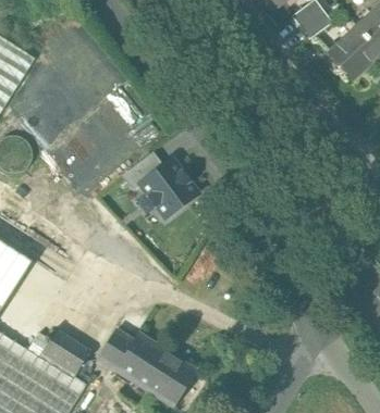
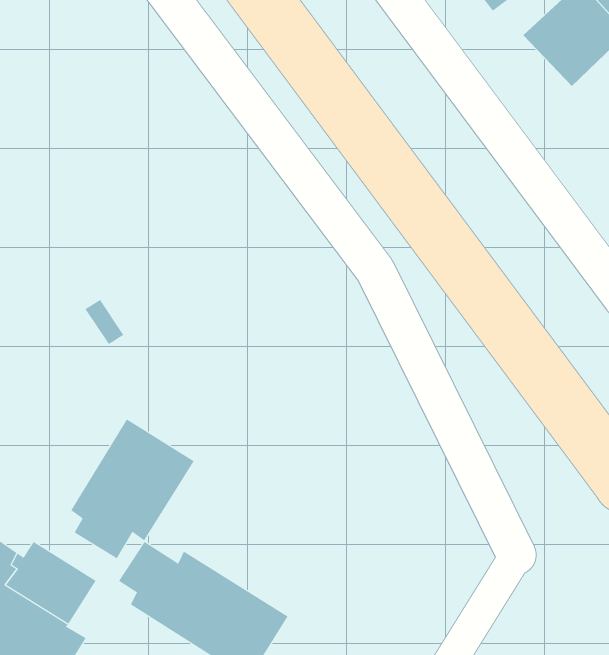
building: [139,161,197,220] -> none
building: none -> [70,418,194,559]

